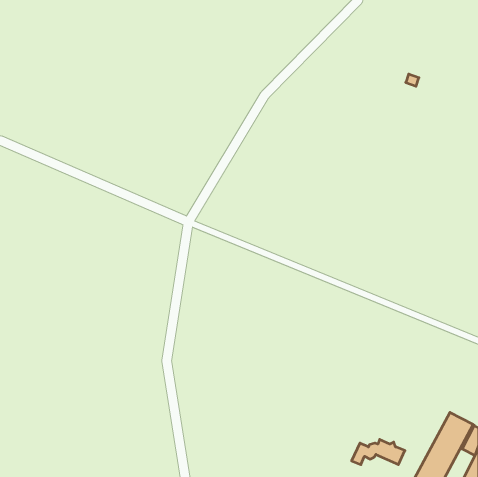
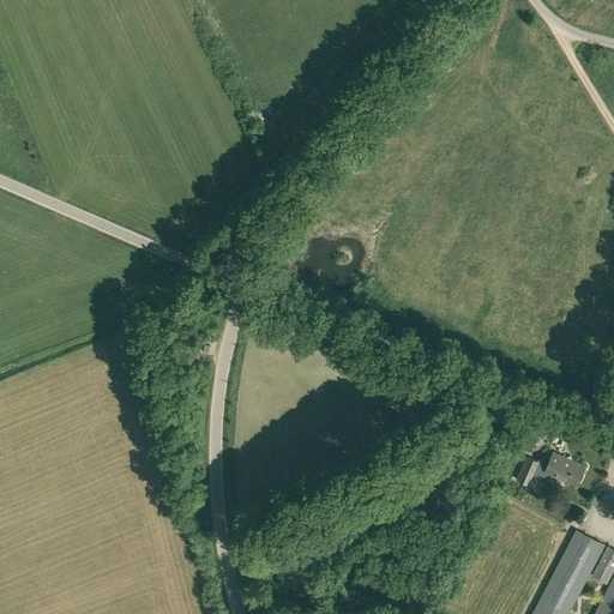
building: [352,439,405,465] -> [518,453,586,486]

